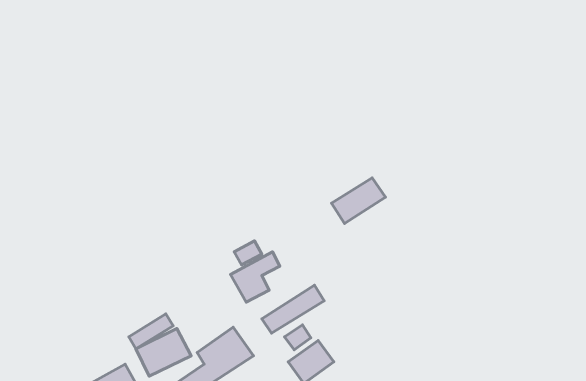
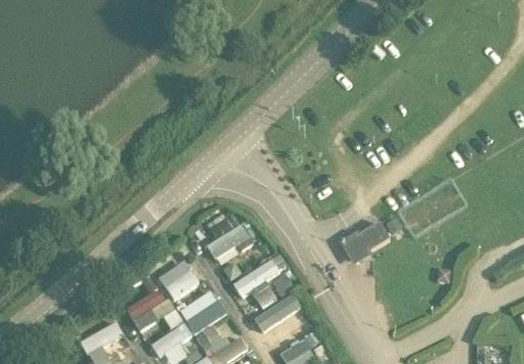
building: [331,178,385,223] -> [347,224,393,263]
building: none -> [158,261,199,301]

